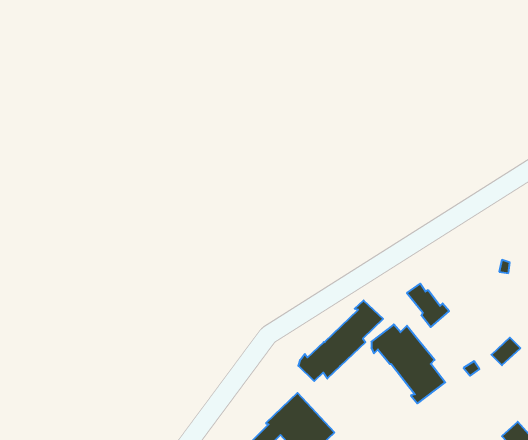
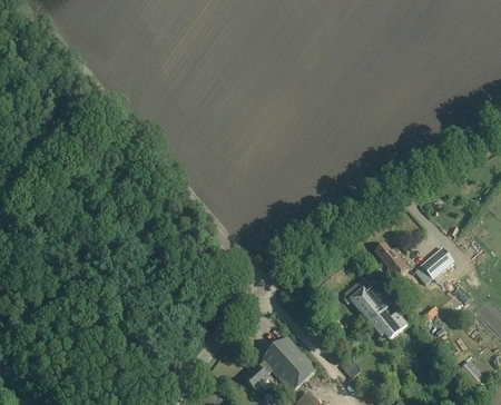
building: none -> [415,247,452,283]
building: [298,300,383,381] -> none

